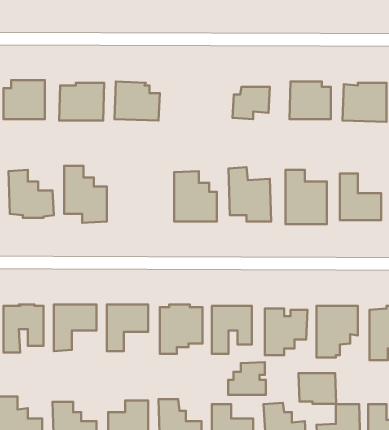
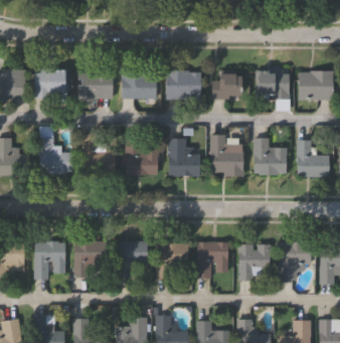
building: none -> [166,68,202,98]
building: none -> [126,142,159,178]
building: [228,362,266,395] -> none
building: [299,373,336,404] -> none

